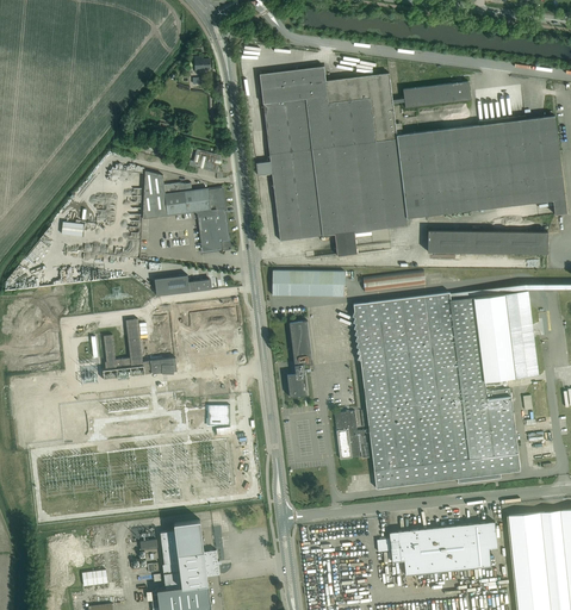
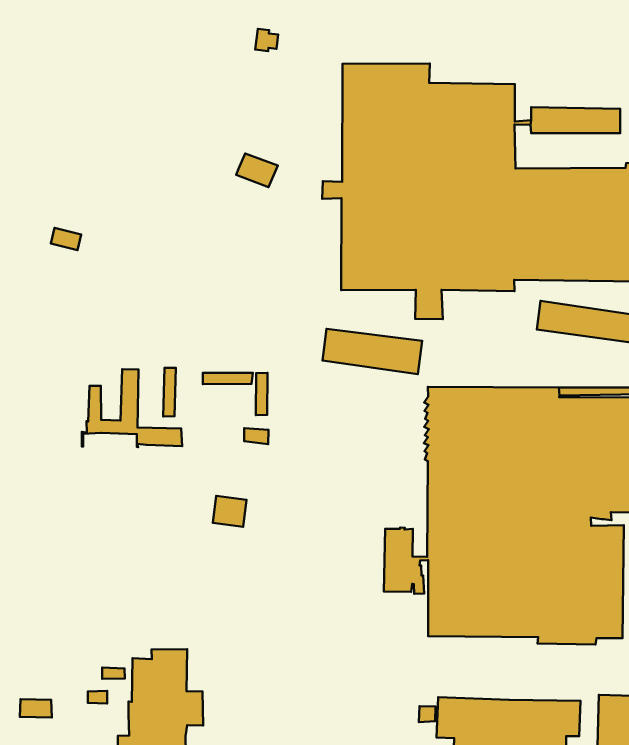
building: [143,172,229,255] -> none
building: [155,275,211,297] -> none
building: [287,320,312,398] -> none

